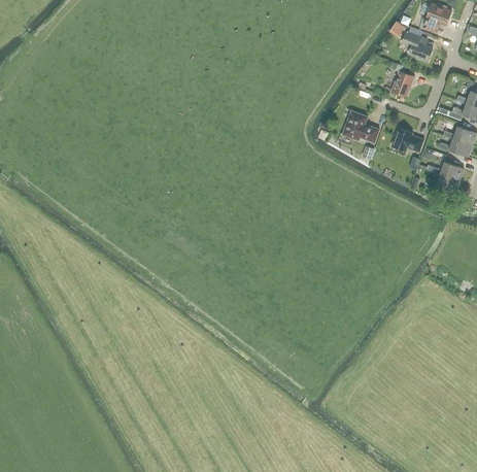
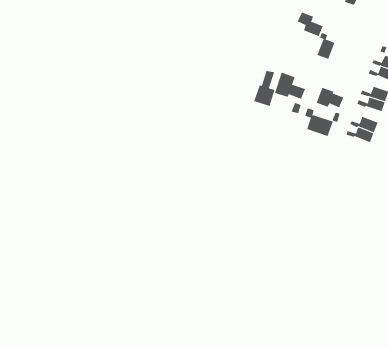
building: [401,31,432,60] -> [297,12,324,37]
building: none -> [254,70,275,107]
building: none -> [304,107,334,137]

